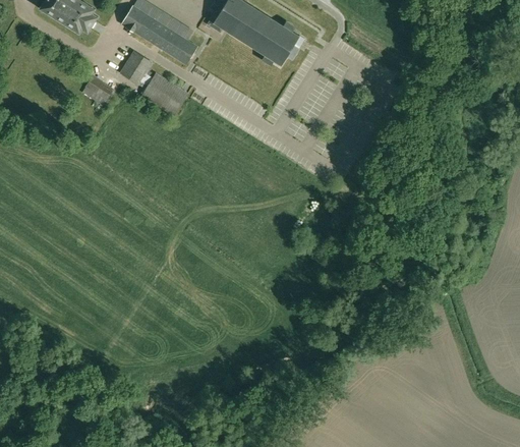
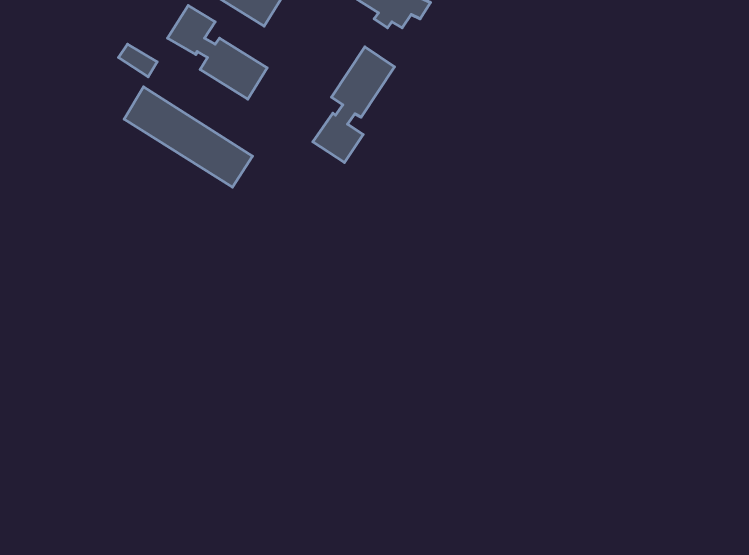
building: none -> [313,47,395,162]
building: none -> [124,87,253,187]

